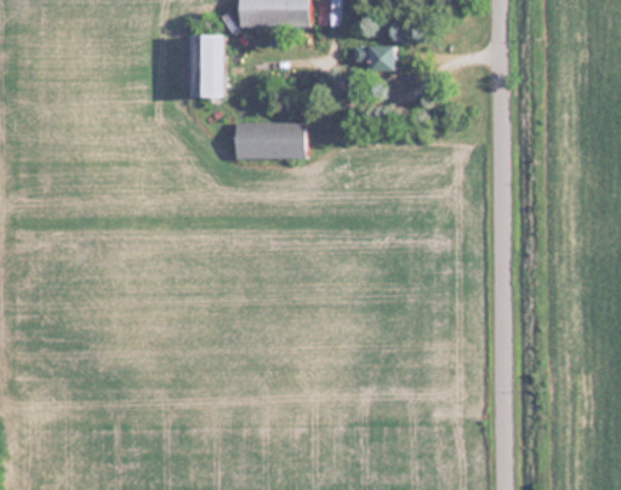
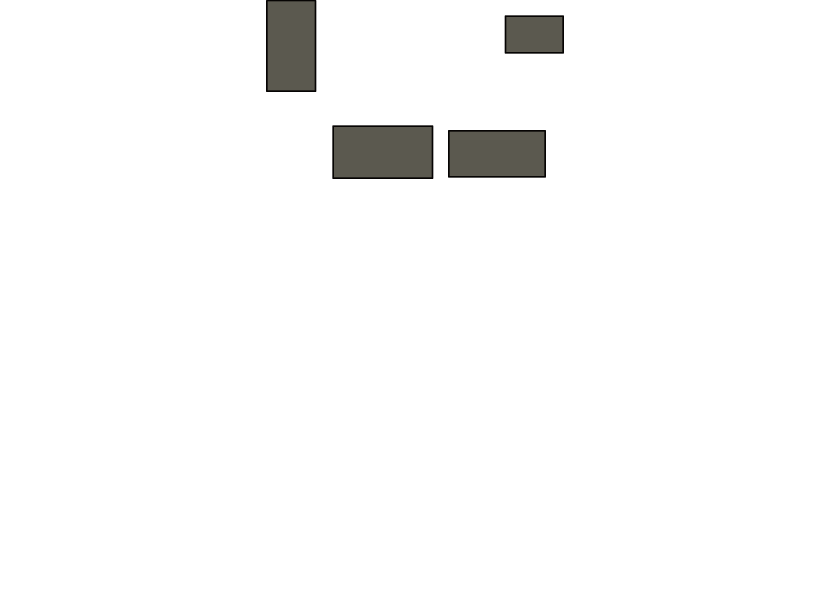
building: none -> [449,131,545,177]

